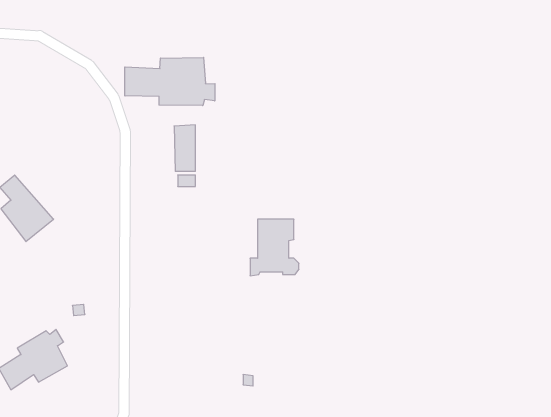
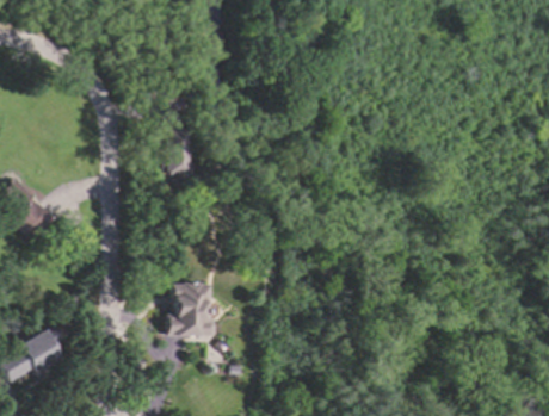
building: [125,57,215,106] -> none
building: [250,219,299,276] -> [169,285,216,339]

